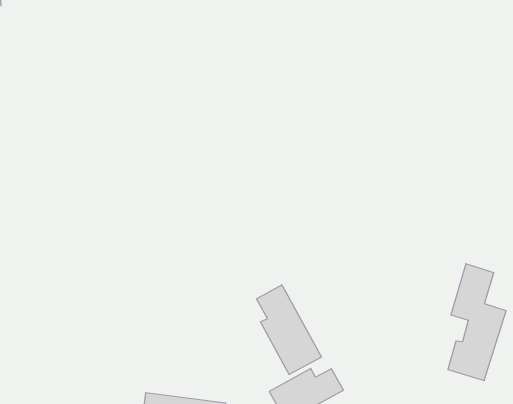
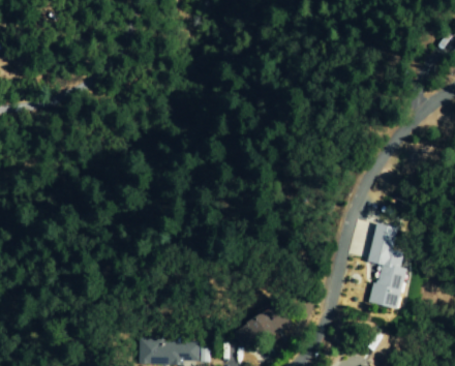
building: [256,285,321,375] -> none

